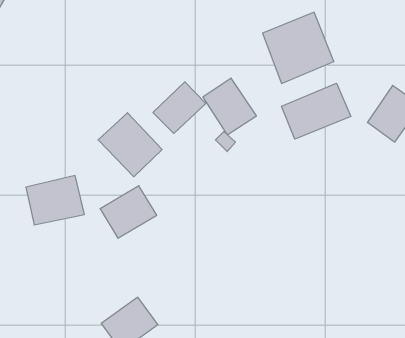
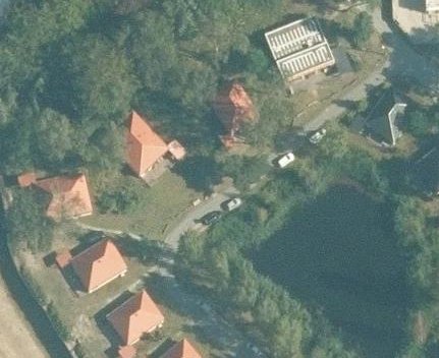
building: [153,82,206,133] -> none
building: [281,83,351,139] -> none
building: [100,186,157,238] -> [71,239,126,290]

